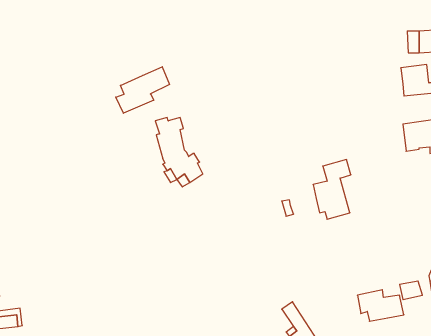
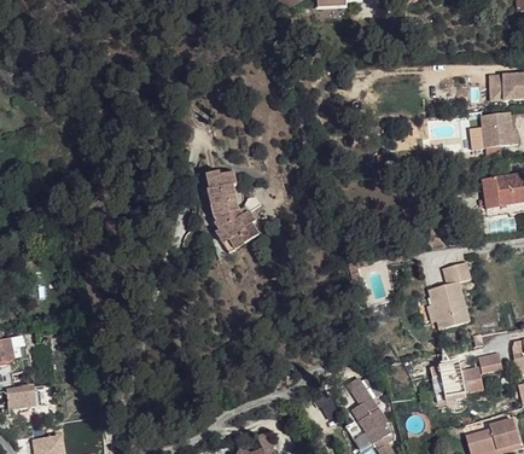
building: [116,67,169,113] -> none
building: [313,160,351,219] -> [426,262,468,328]

